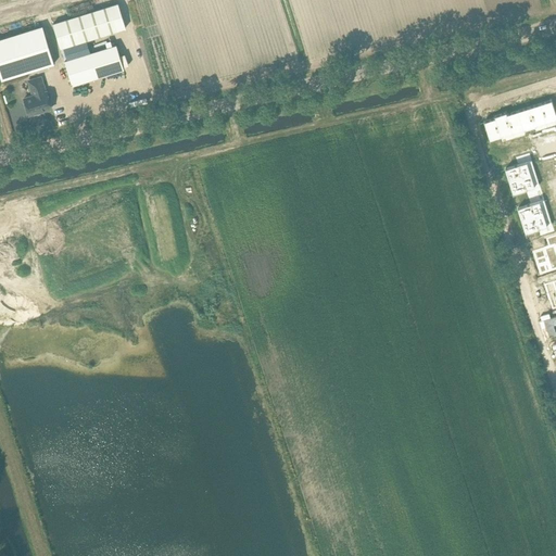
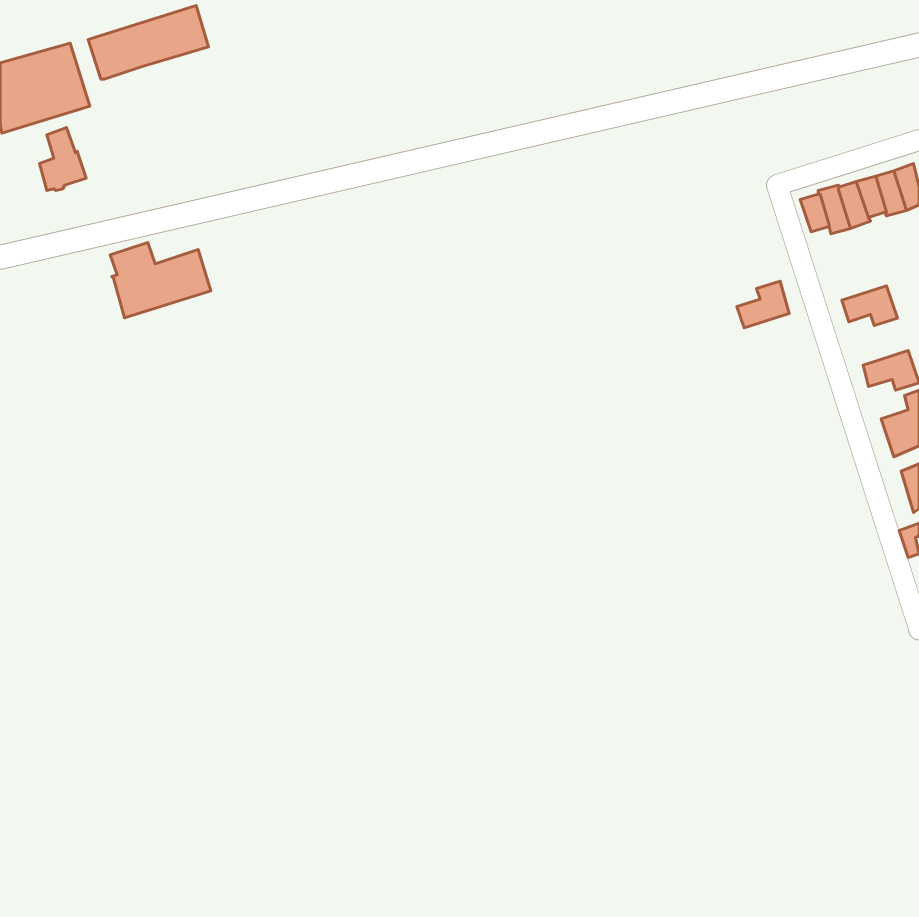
building: [63,41,124,87] -> [110,242,211,318]
building: [504,154,535,182] -> [737,281,789,328]
building: [517,193,548,222] -> none

